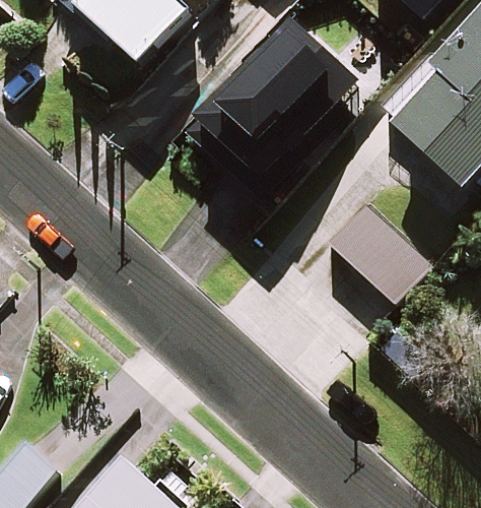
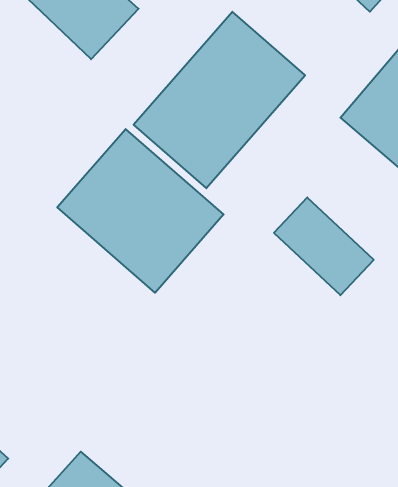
building: none -> [57,129,224,293]

